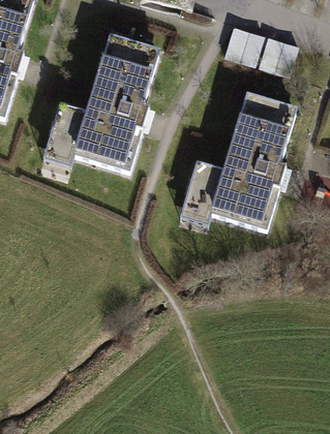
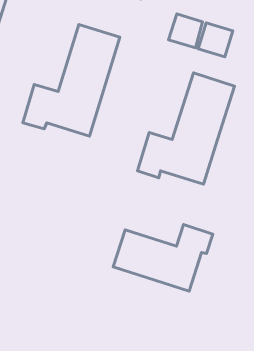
building: none -> [113,225,213,291]

